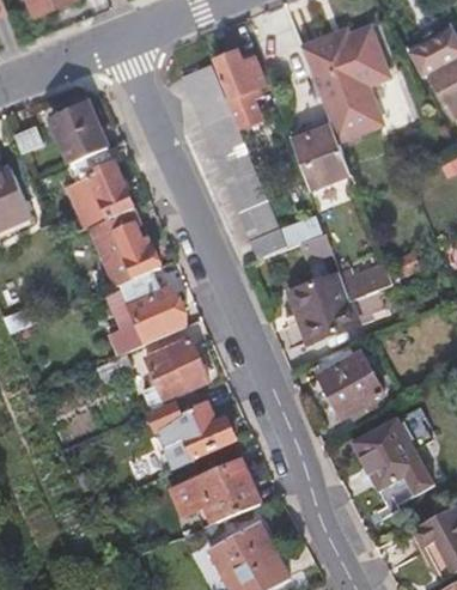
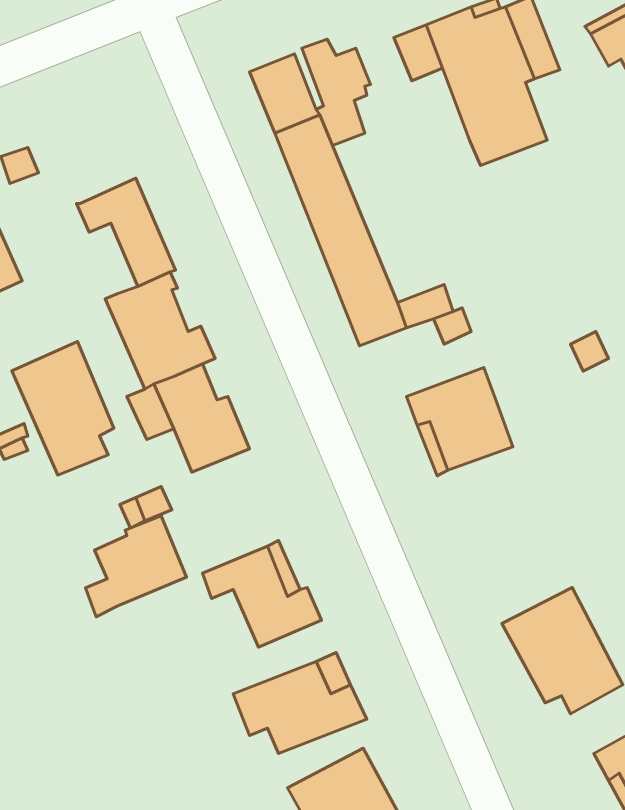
building: [51,107,108,164] -> none
building: [288,122,349,189] -> none
building: [66,177,109,230] -> none
building: none -> [12,342,114,475]
building: [337,262,391,299] -> none
building: [140,340,207,407] -> [85,516,186,617]
building: [315,347,385,419] -> none

